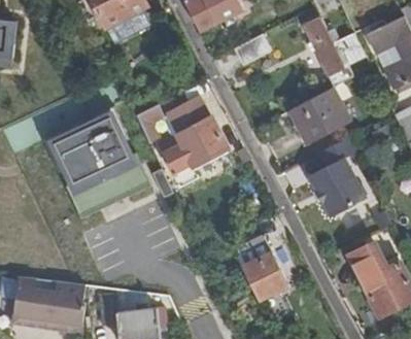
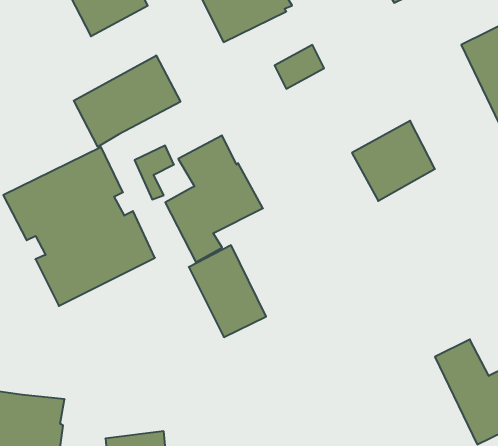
building: [304,16,366,86] -> none
building: none -> [74,55,180,147]
building: [307,136,366,216] -> none
building: [233,235,287,300] -> [189,245,266,337]

